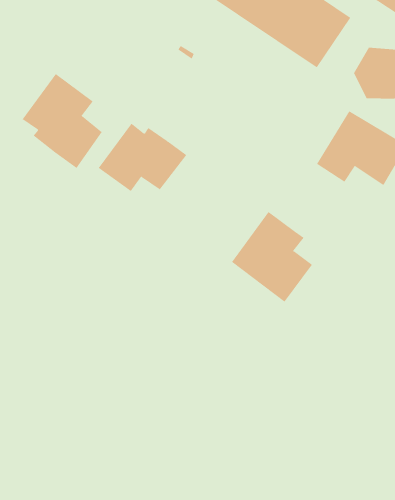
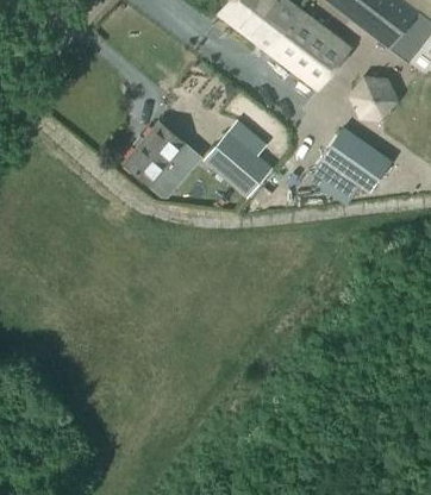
building: [22,73,103,169] -> none
building: [231,211,313,303] -> [204,119,274,199]

